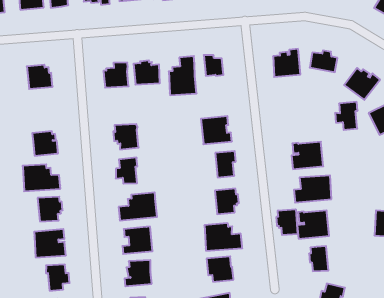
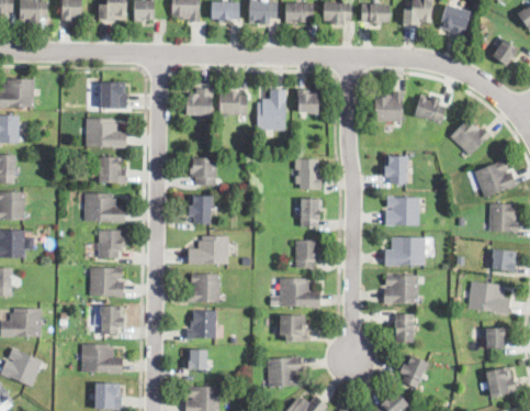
building: none -> [86,118,127,147]
building: [335,102,358,130] -> [383,154,408,184]
building: [277,209,297,235] -> none

